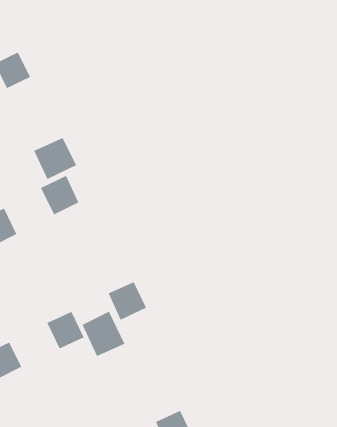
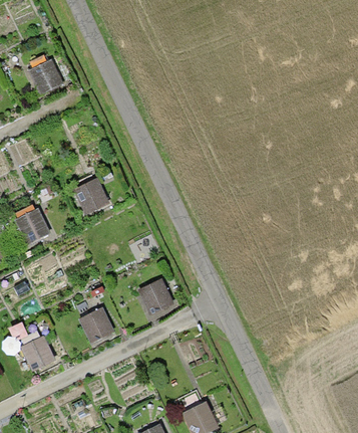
building: [34,137,77,180] -> none
building: [82,311,125,357] -> none

